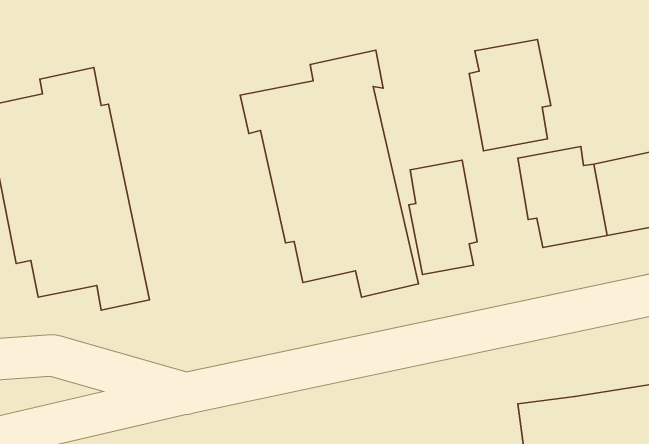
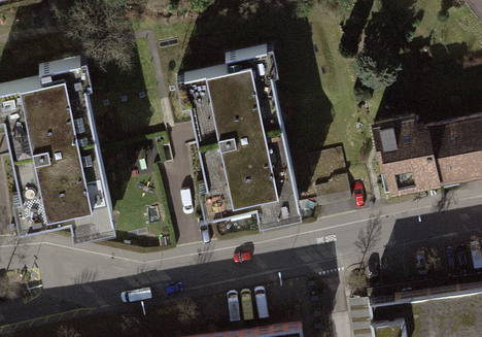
building: [469,40,551,151] -> none
building: [409,160,477,274] -> none

